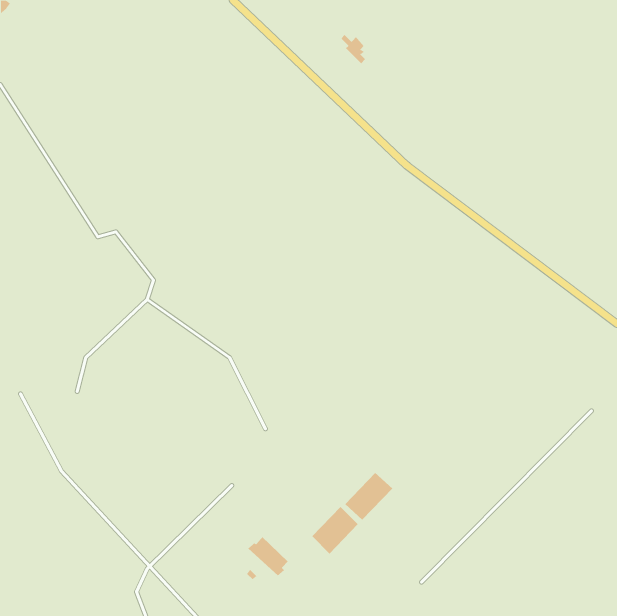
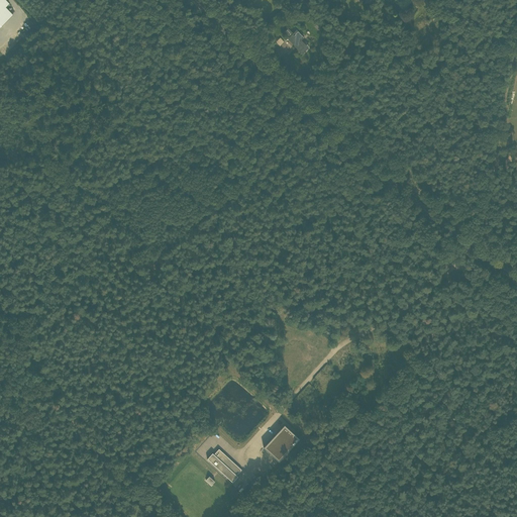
building: [345,472,393,521] -> none

